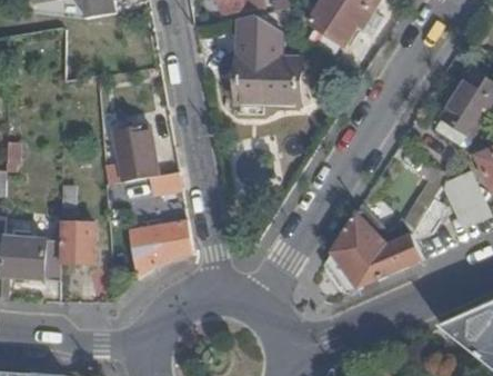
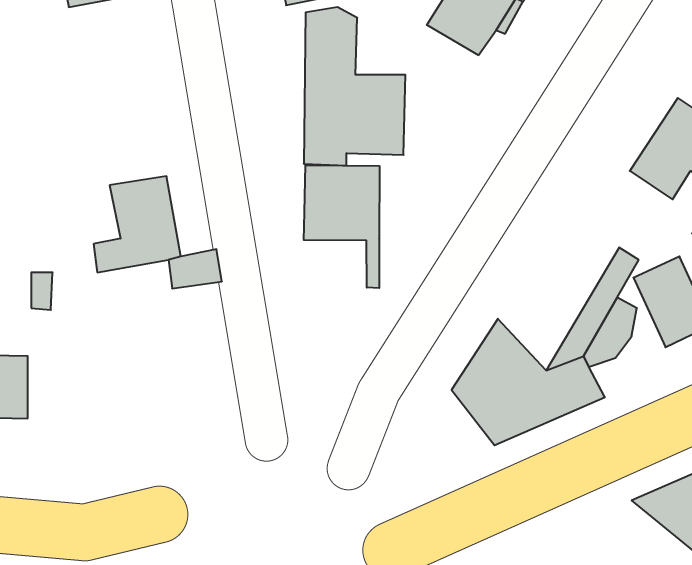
building: none -> [304,165,379,288]
building: [130,218,194,276] -> none
building: [62,221,97,261] -> none

